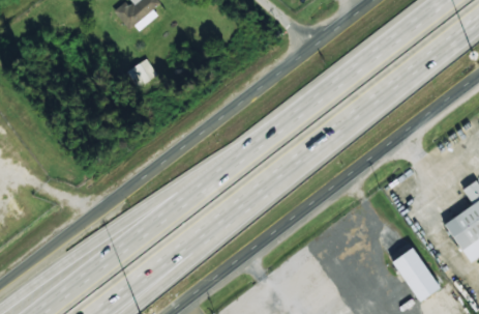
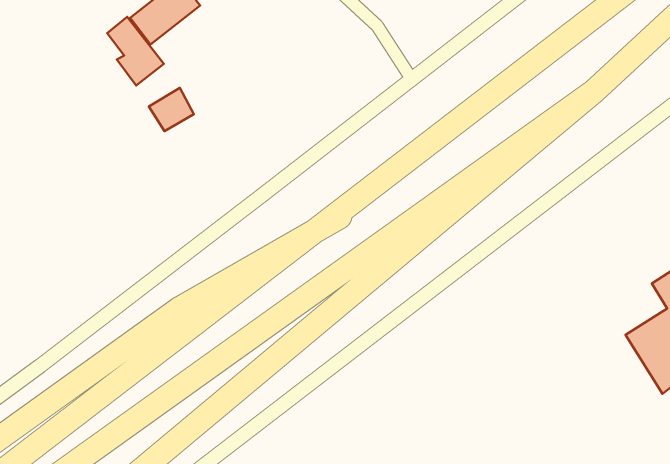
building: none -> [107,17,164,85]
building: [392,248,440,303] -> none

